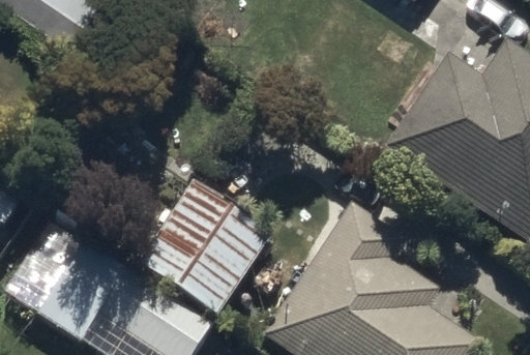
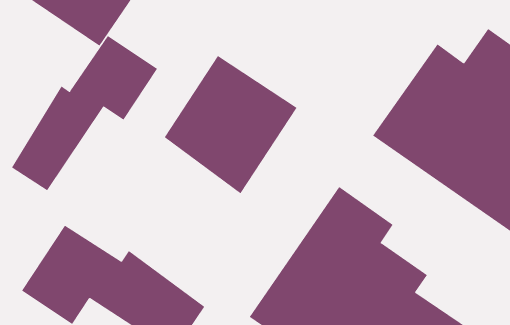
building: none -> [11,35,158,191]
building: [137,180,273,322] -> [164,55,298,194]

